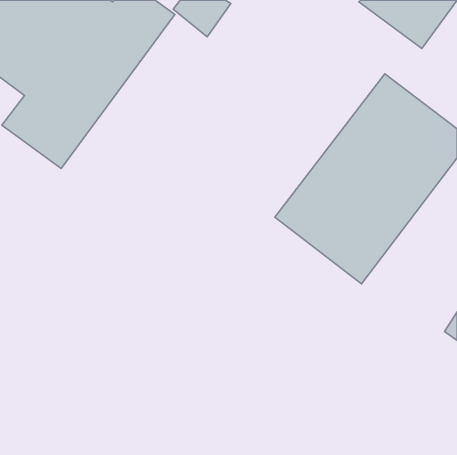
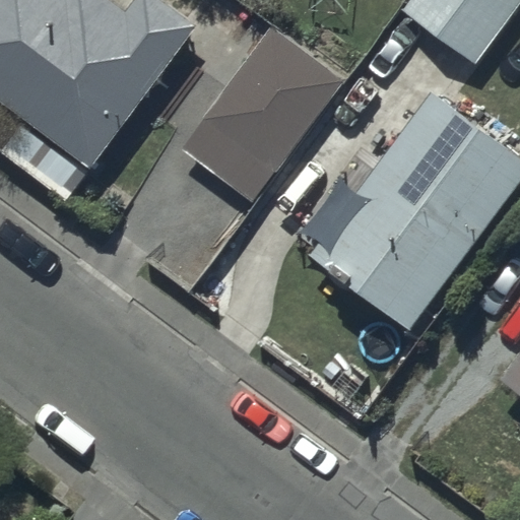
building: none -> [182,27,342,200]

